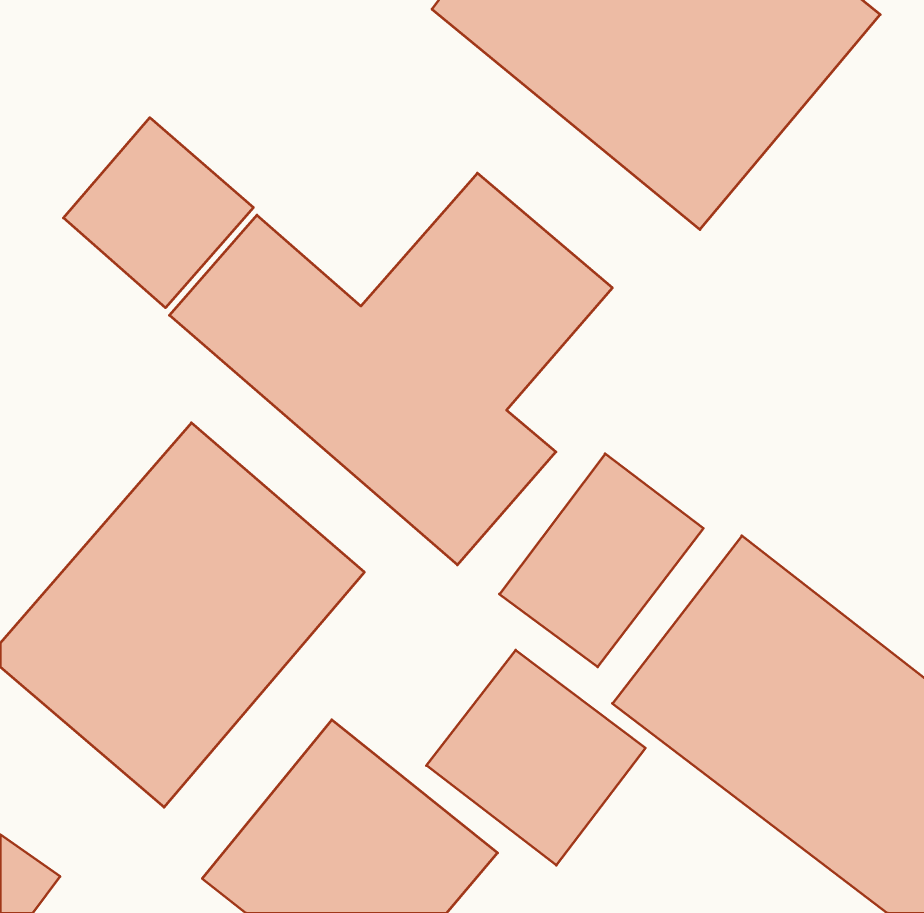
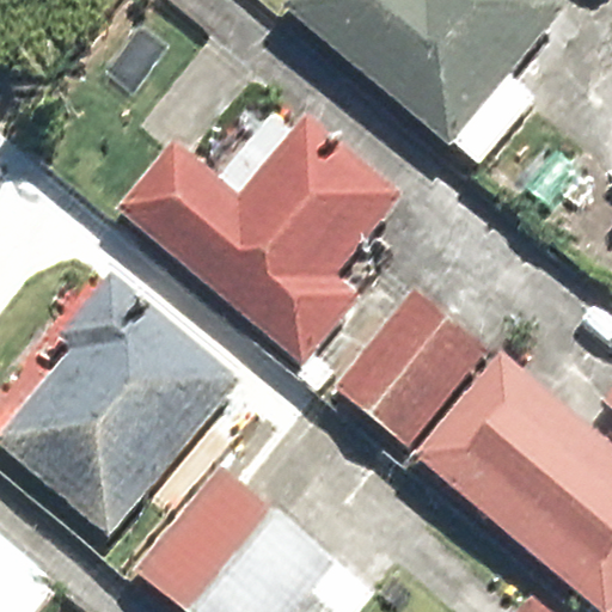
building: [63,118,253,308] -> none
building: [426,650,645,865] -> none

